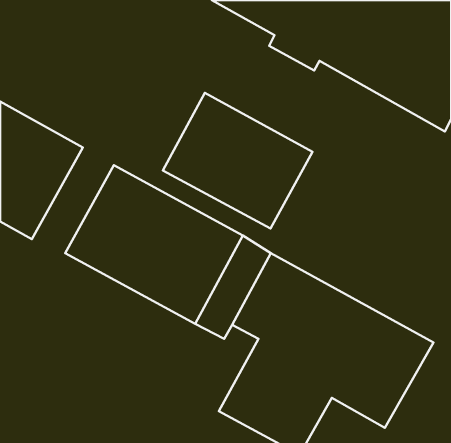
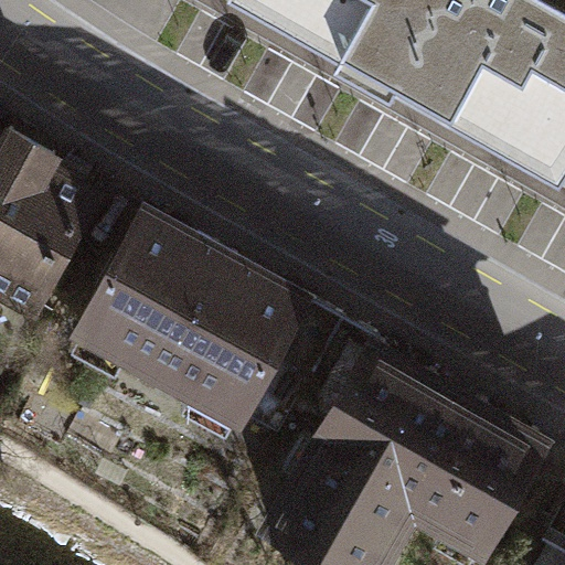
building: [163,93,313,228] -> none

